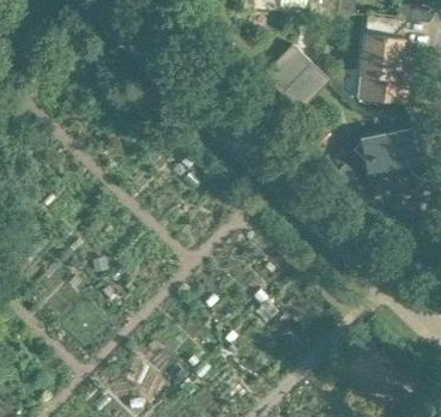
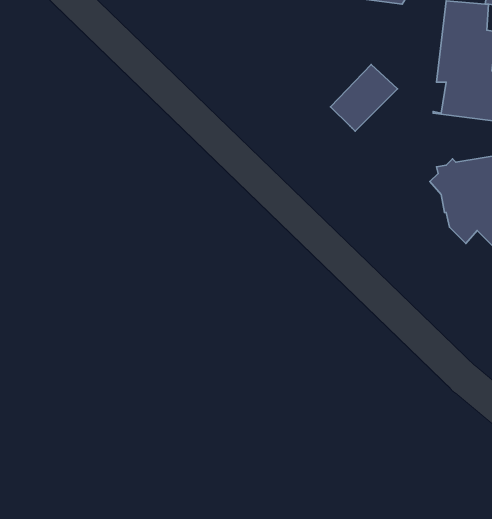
building: [264,43,313,93] -> none

